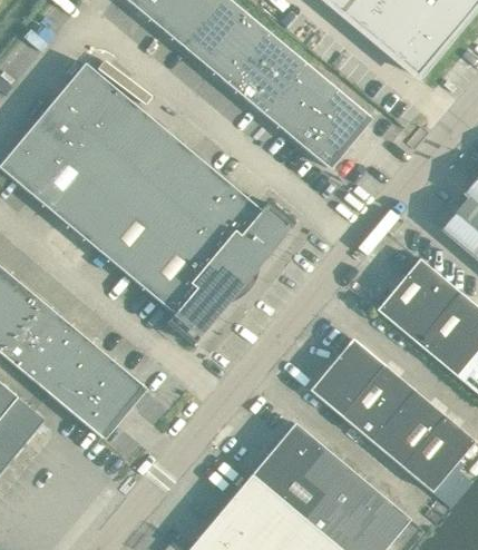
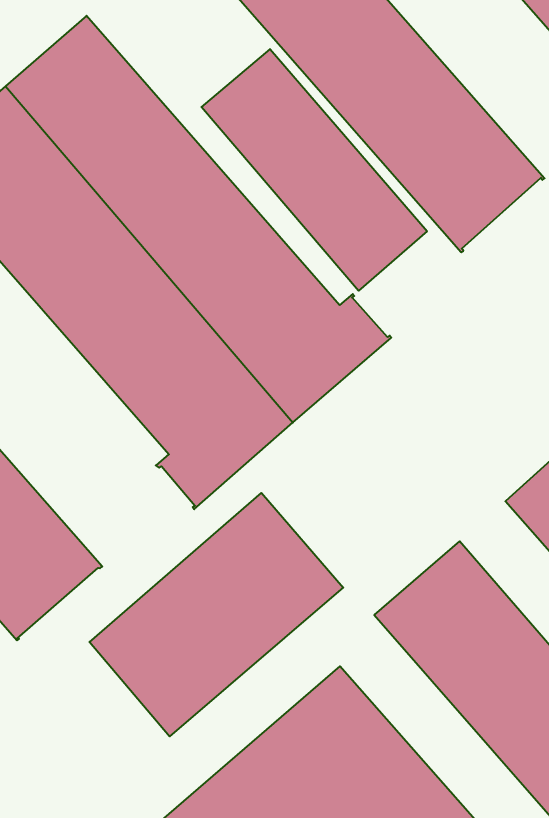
building: none -> [201,49,427,291]
building: none -> [89,493,343,736]

